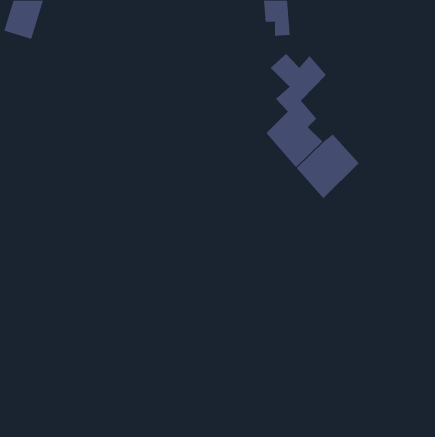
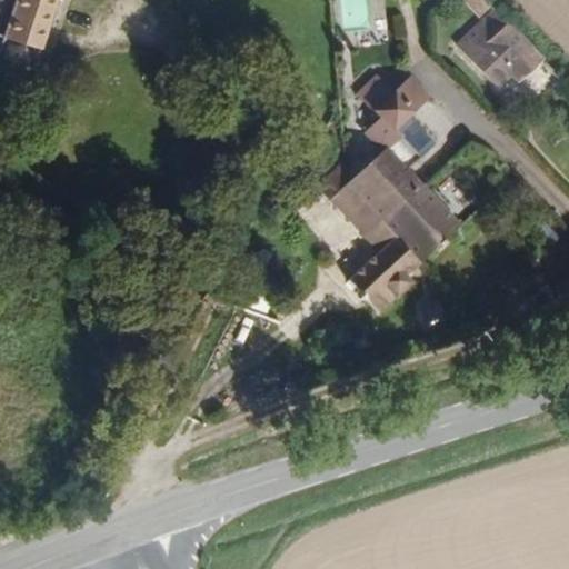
building: none -> [461,18,537,80]
building: none -> [318,164,423,312]

